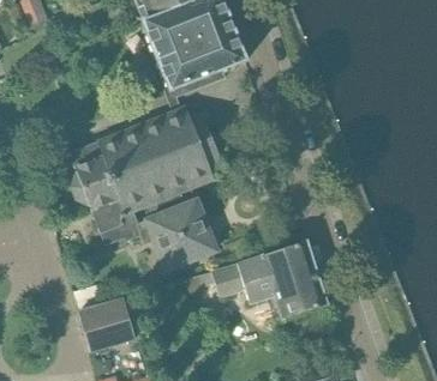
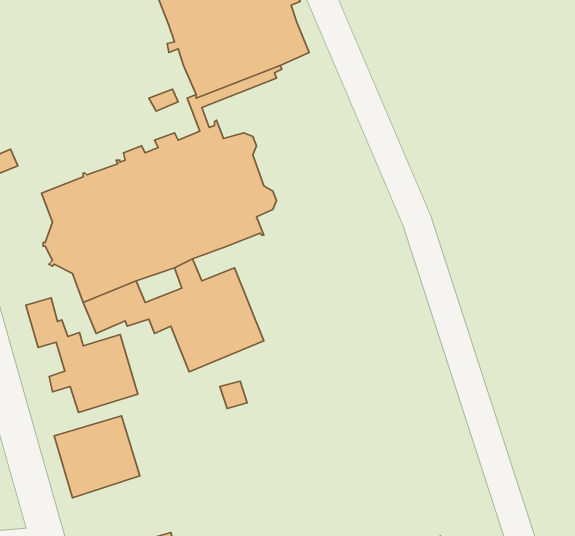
building: none -> [26,298,138,412]
building: [210,241,325,319] -> none

